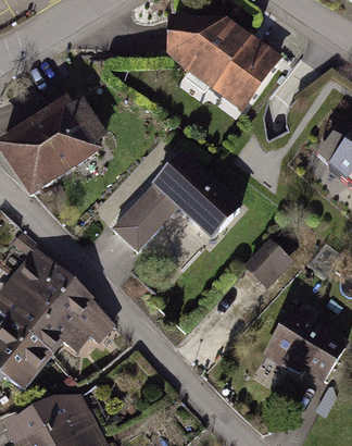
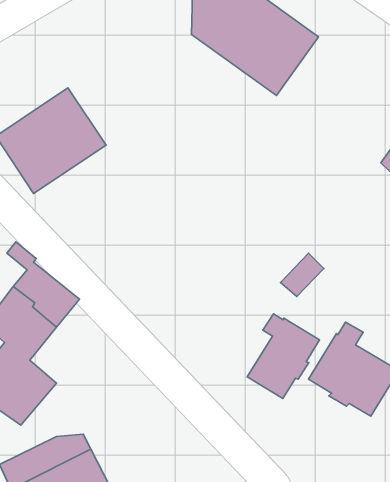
building: [116,156,238,245] -> none
building: [32,280,113,351] -> none
building: none -> [247,314,319,399]

